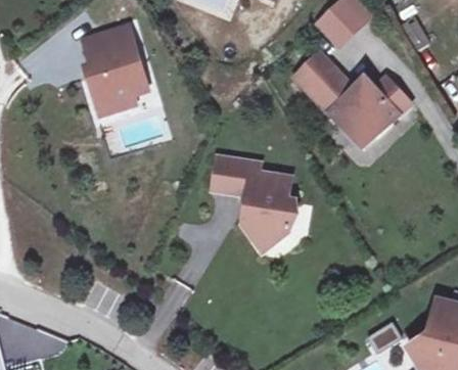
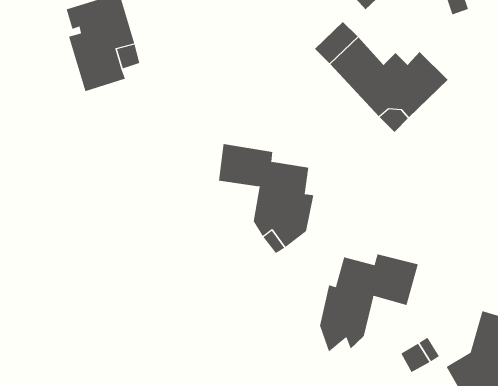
building: none -> [319,254,419,352]

